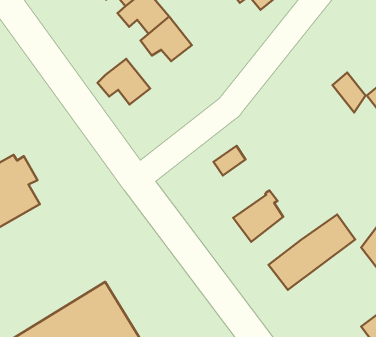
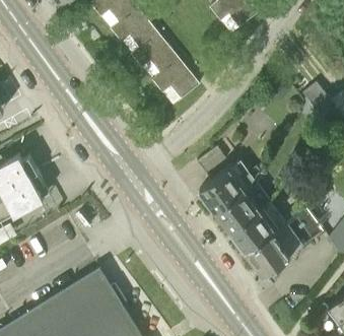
building: [98,59,150,105] -> [153,58,200,98]
building: none -> [200,159,256,211]
building: none -> [231,208,276,253]

